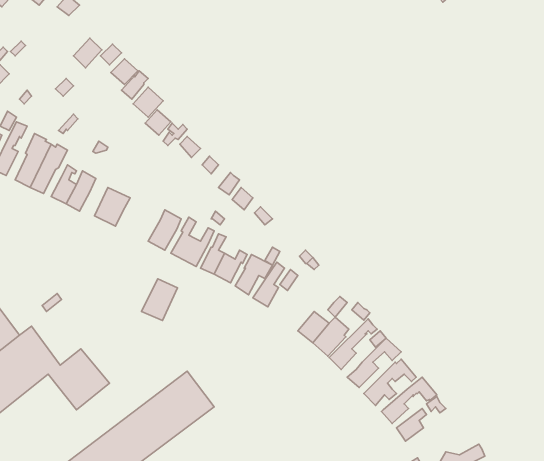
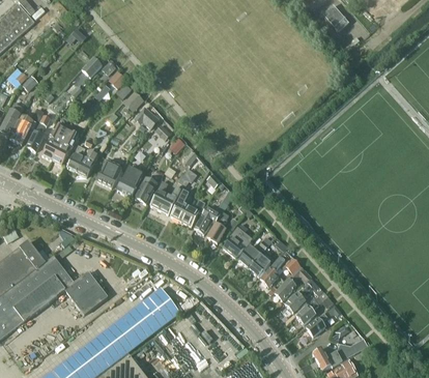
building: [141,279,177,321] -> [116,167,141,196]
building: none -> [223,227,251,257]

